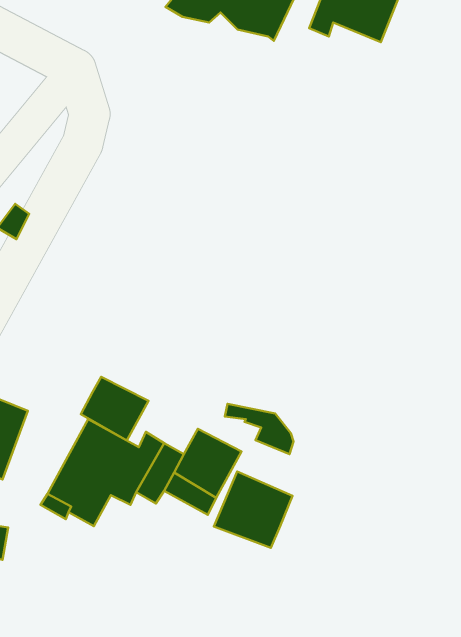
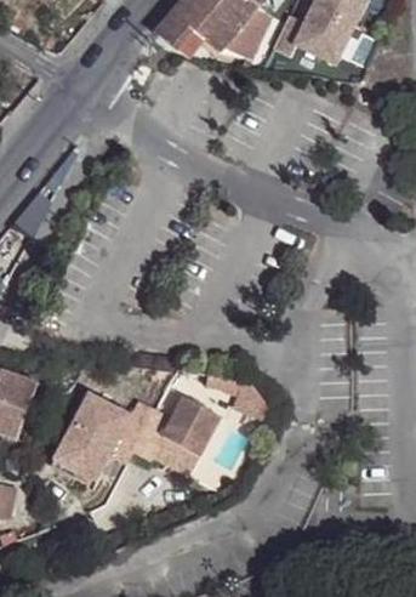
building: [81,377,149,441] -> none
building: [214,471,292,548] -> none

